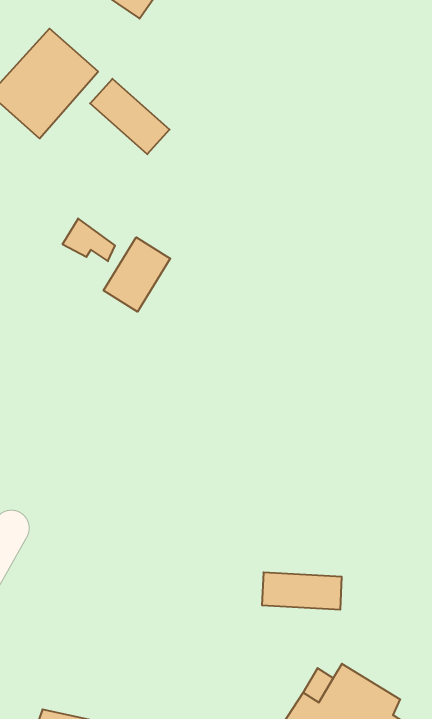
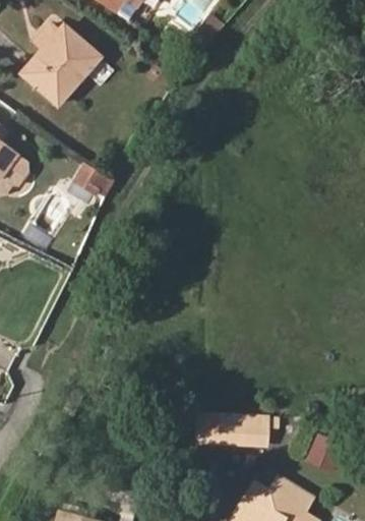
building: [90,79,170,154] -> none
building: [104,237,170,312] -> none

